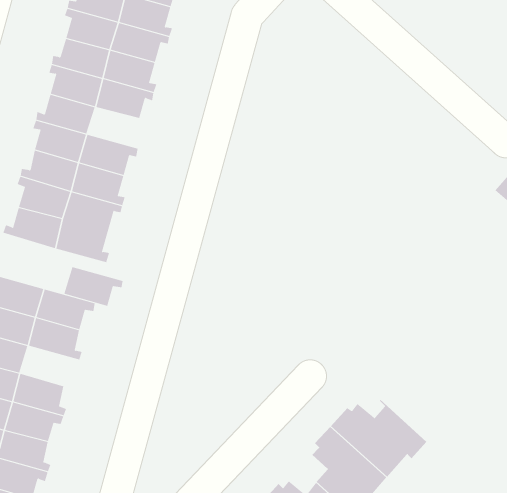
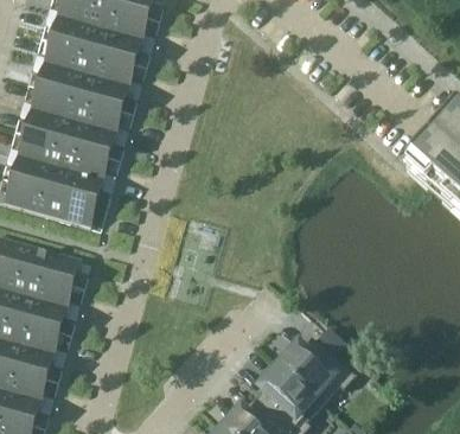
building: none -> [74,96,119,130]
building: [63,267,123,307] -> [18,294,68,327]

